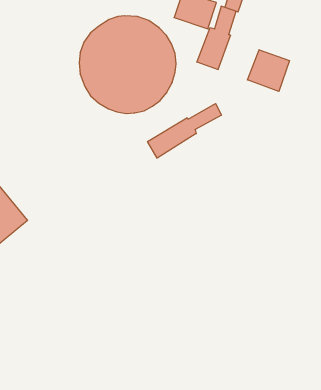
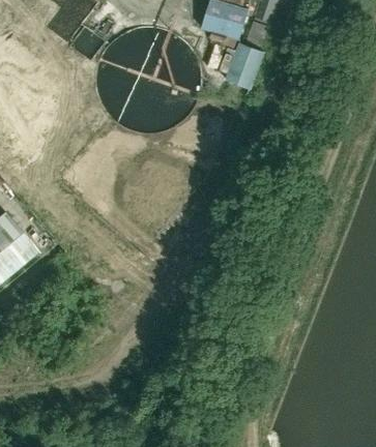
building: [247,50,290,91] -> none
building: [148,104,221,158] -> none

